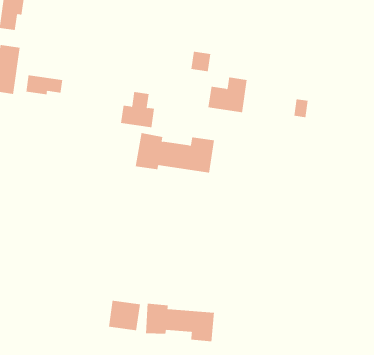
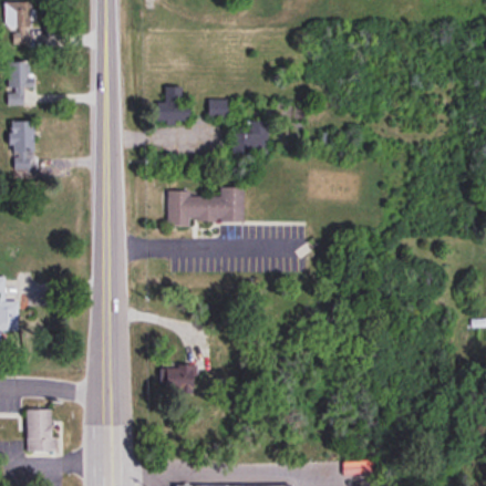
building: [26,75,63,95] -> none
building: [120,91,155,128] -> [157,87,190,122]
building: [146,303,214,342] -> none

